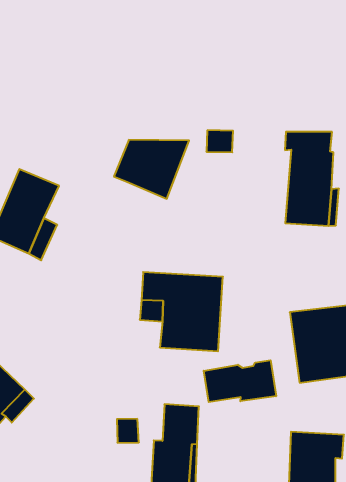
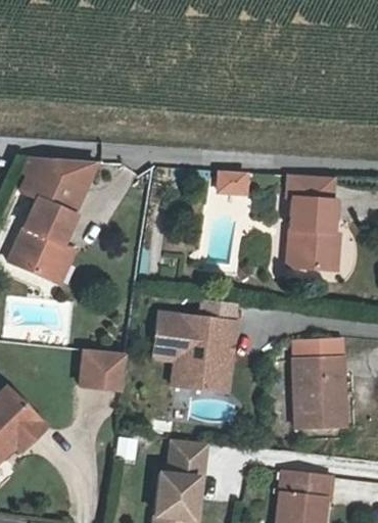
building: [114,140,189,199] -> [30,165,103,224]
building: none -> [77,343,123,385]
building: [204,360,276,402] -> none

